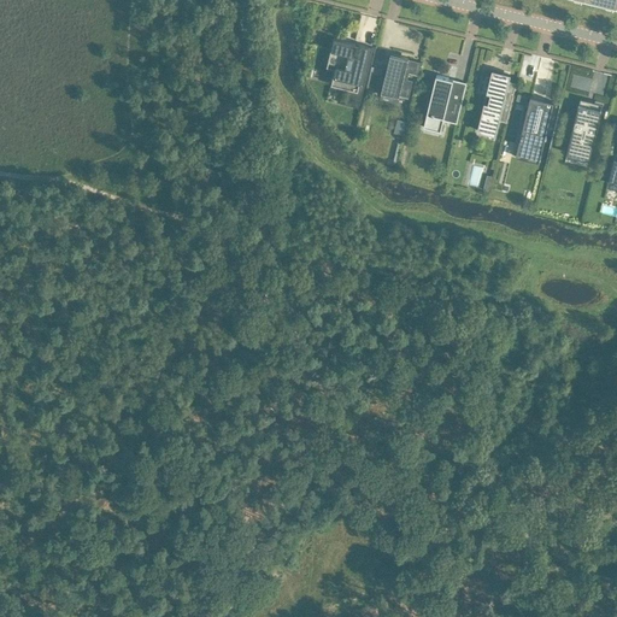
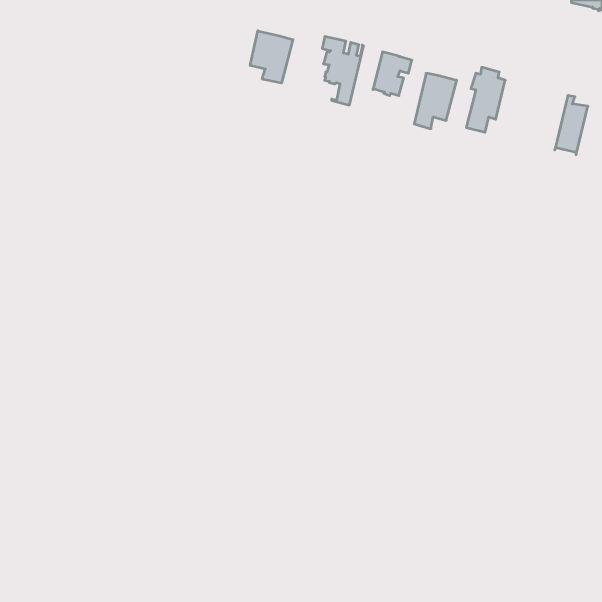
building: none -> [250,31,293,83]
building: [515,96,553,163] -> none

